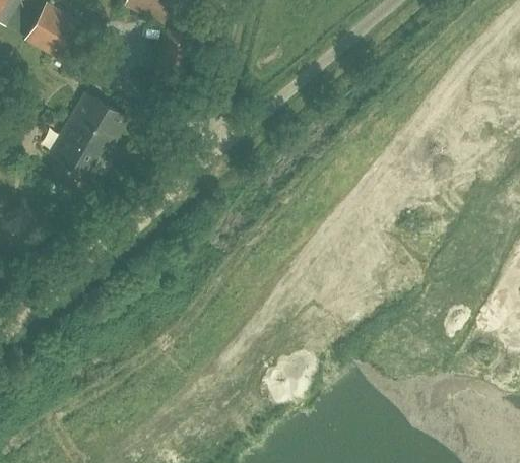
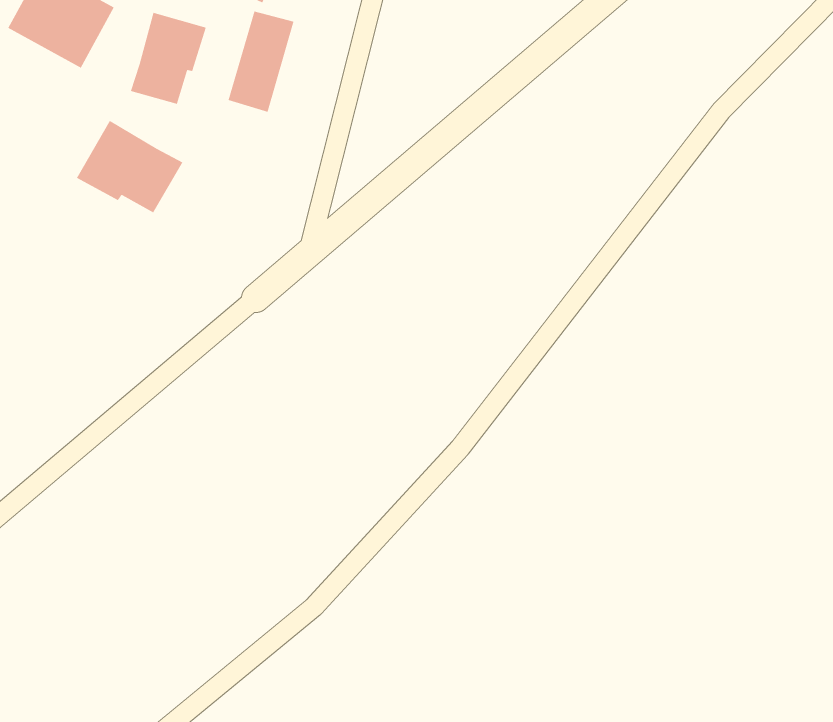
building: none -> [130,12,207,105]
building: [46,123,107,176] -> none

